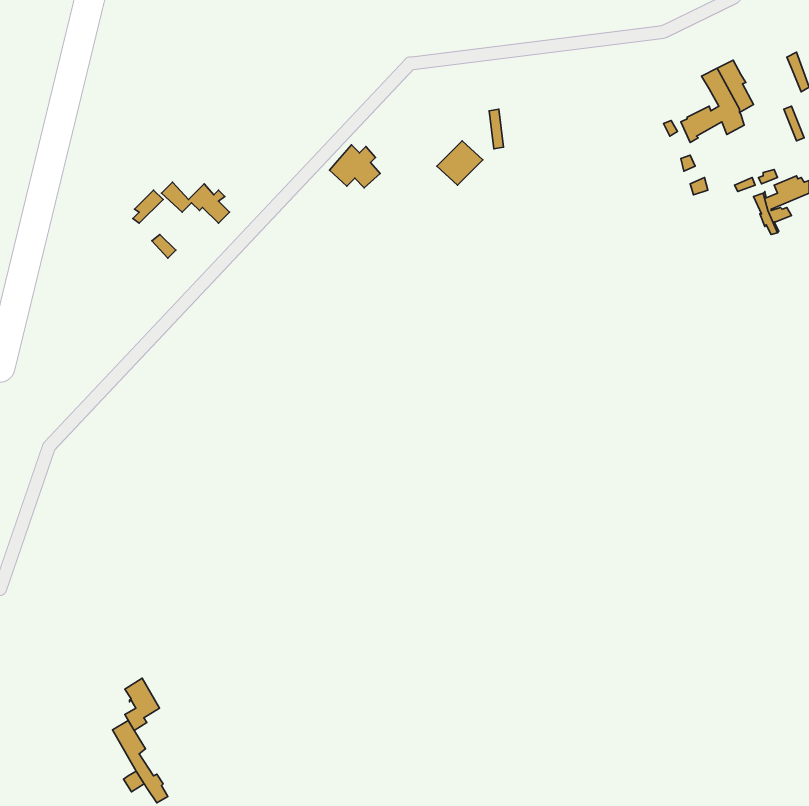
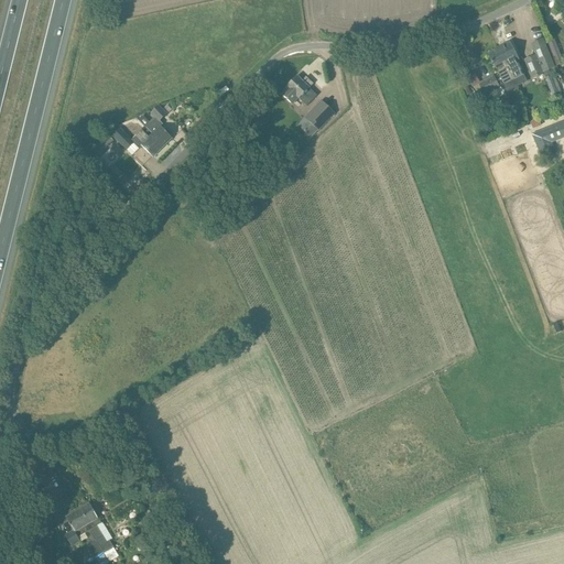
building: none -> [525,37,554,76]
building: [329,145,380,188] -> [281,74,316,104]
building: none -> [138,105,172,148]
building: [125,678,160,730] -> [66,508,90,544]

